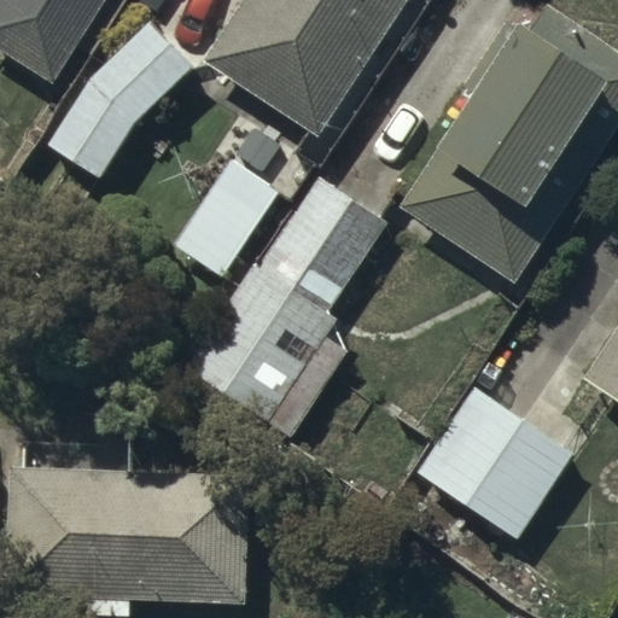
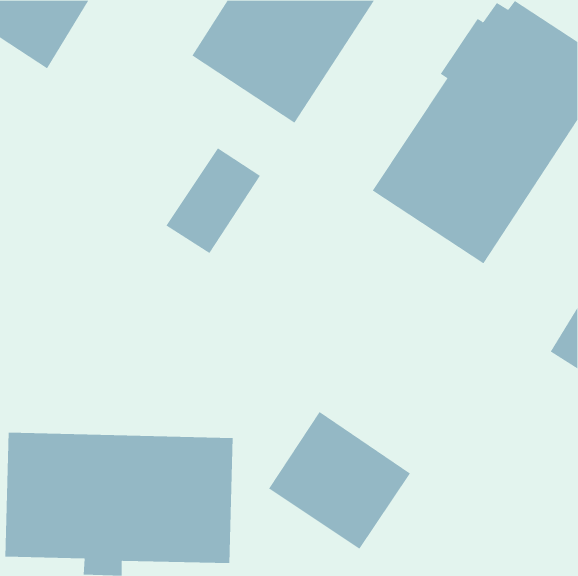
building: [53,25,192,174] -> none
building: [186,175,389,430] -> none
building: [420,390,572,537] -> [268,411,411,550]

